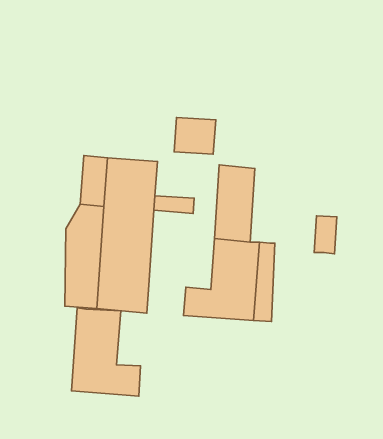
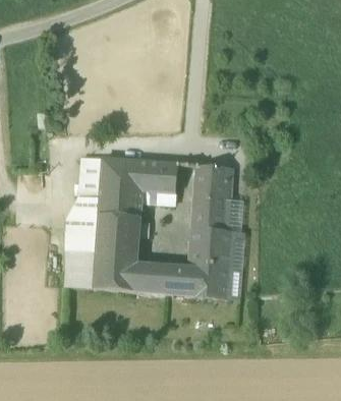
building: [174,118,216,154] -> [141,160,177,191]
building: [314,216,337,254] -> [223,197,242,230]
building: none -> [134,262,168,292]
building: [71,308,141,396] -> none

